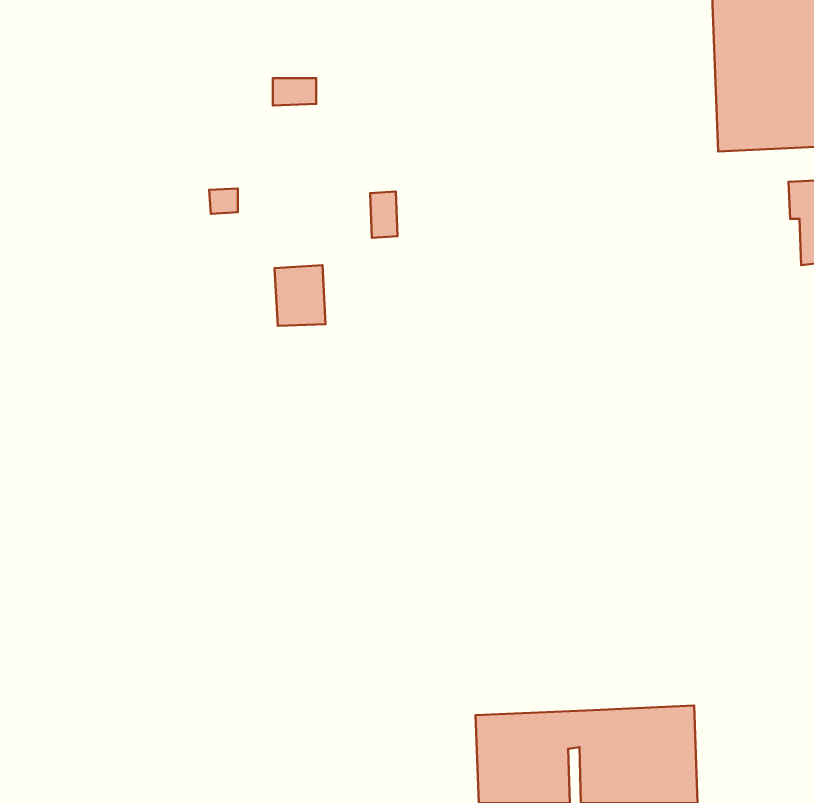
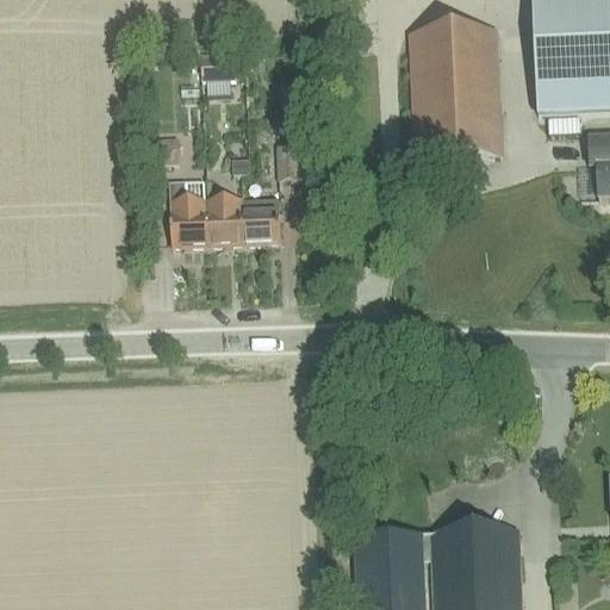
building: none -> [410,27,502,157]
building: none -> [169,179,208,245]
building: none -> [242,197,280,242]

